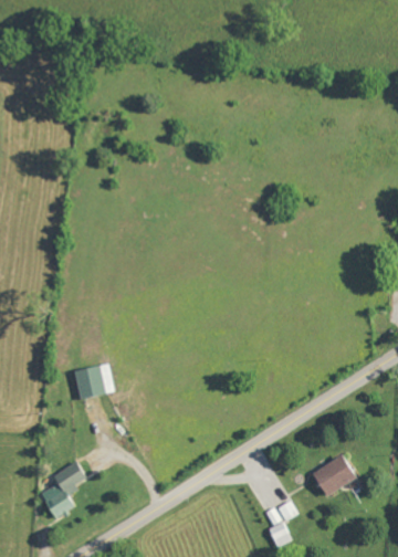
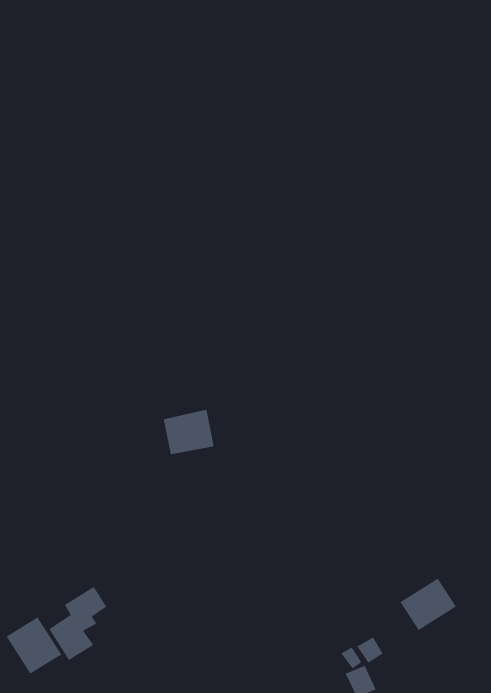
building: [74,362,114,398] -> [163,409,214,455]
building: none -> [6,616,62,675]

